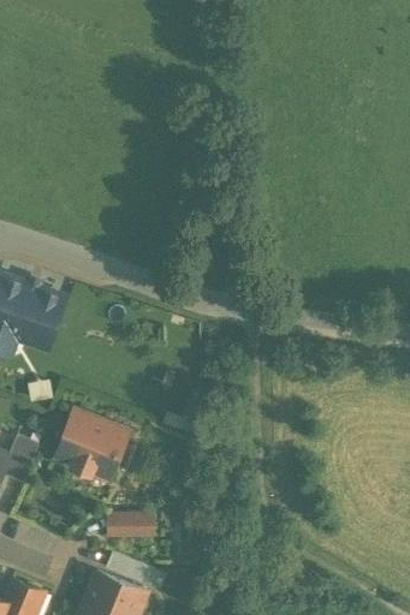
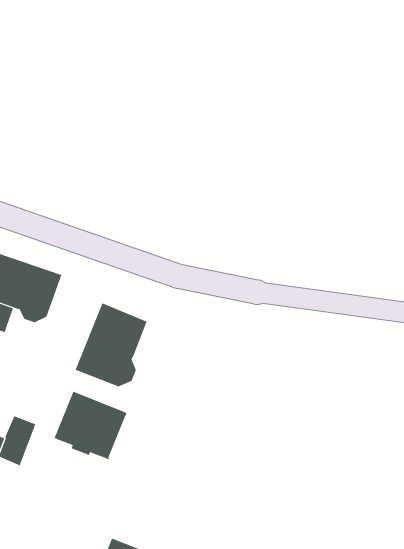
building: none -> [75,303,148,387]
building: [108,514,153,535] -> none

